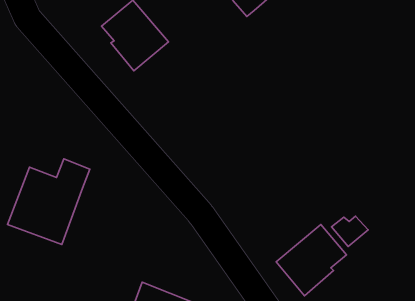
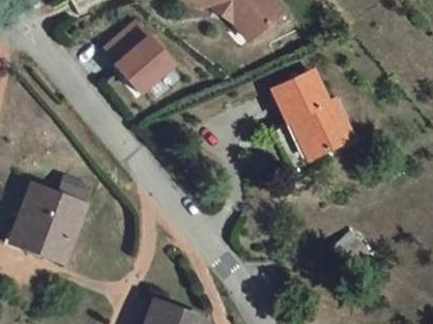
building: none -> [277,80,349,159]
building: [276,225,347,296] -> none

